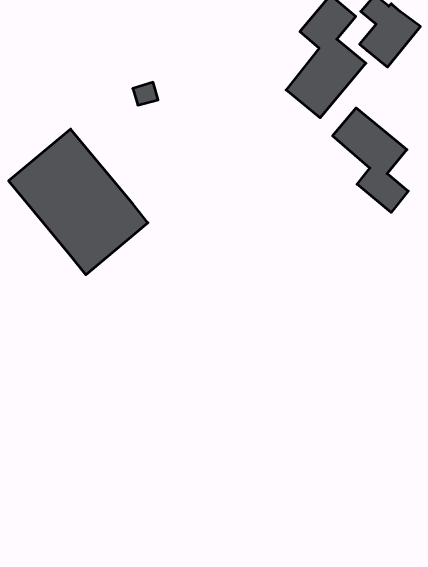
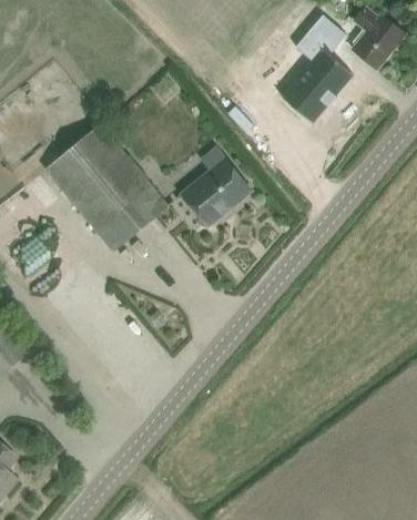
building: [333,108,408,212] -> none
building: none -> [180,149,247,228]

